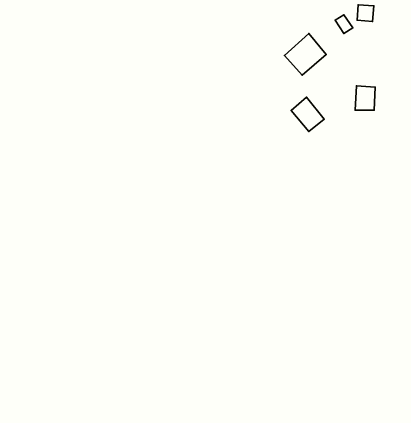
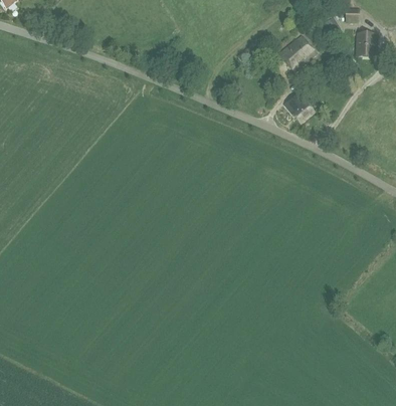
building: [355,86,375,110] -> [357,33,375,55]

